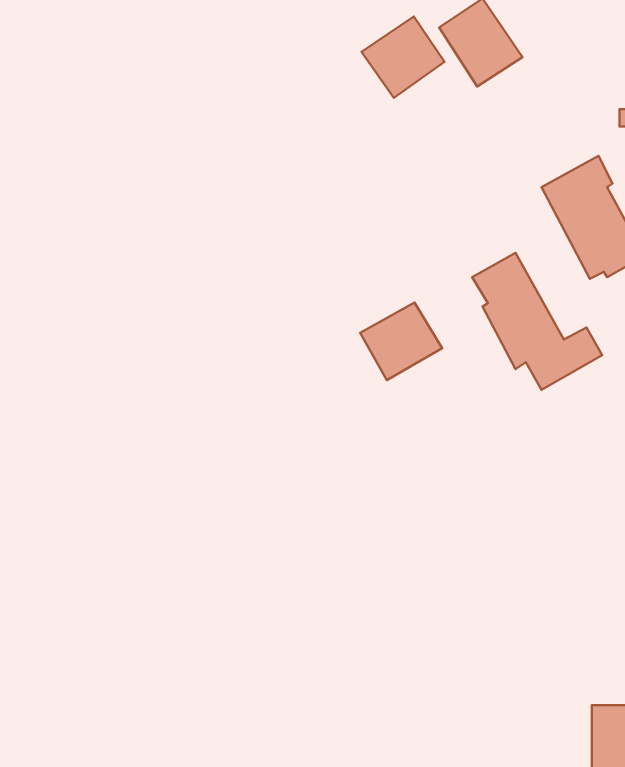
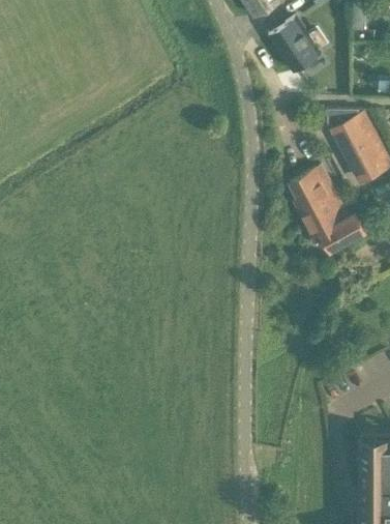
building: [362,16,445,98] -> none
building: [360,302,442,380] -> none

